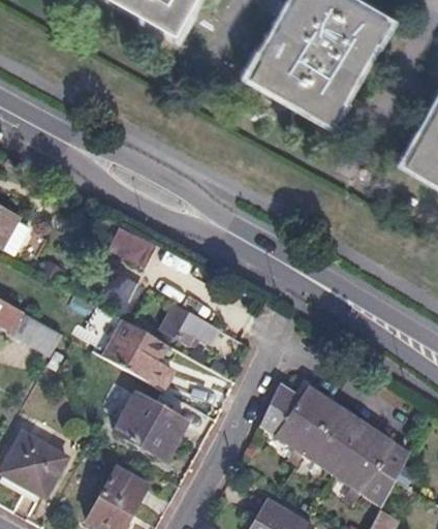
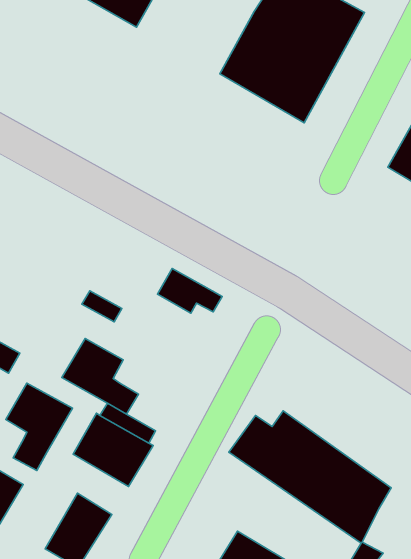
building: [107,225,157,267] -> none
building: [157,301,217,342] -> [158,269,222,313]
building: none -> [6,383,72,471]

